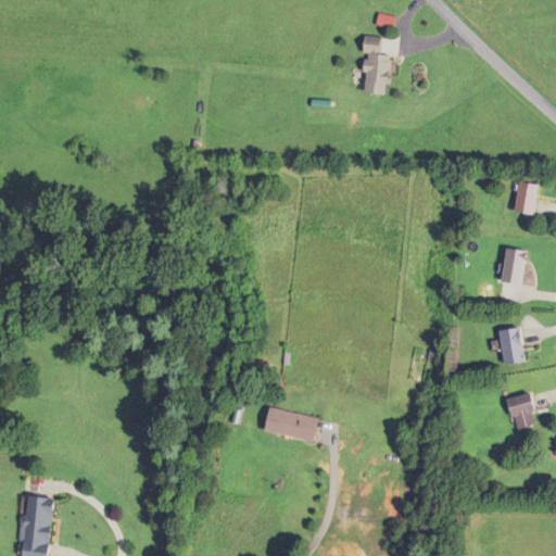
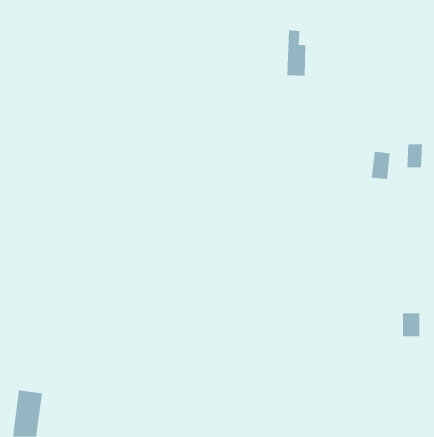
building: [501,248,526,283] -> [371,151,390,180]
building: [498,328,523,365] -> none
building: [265,407,317,441] -> none

